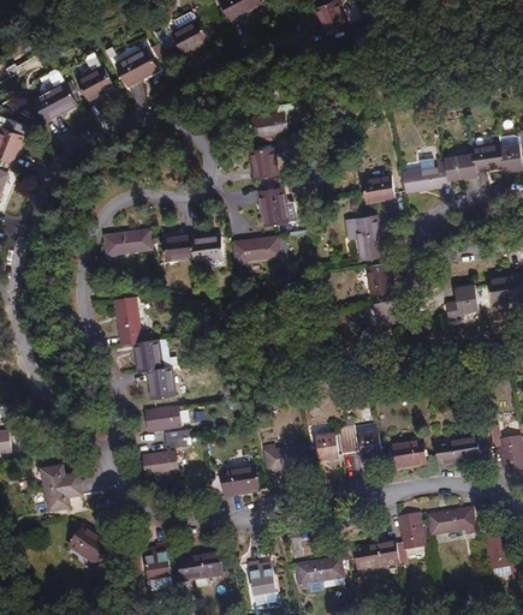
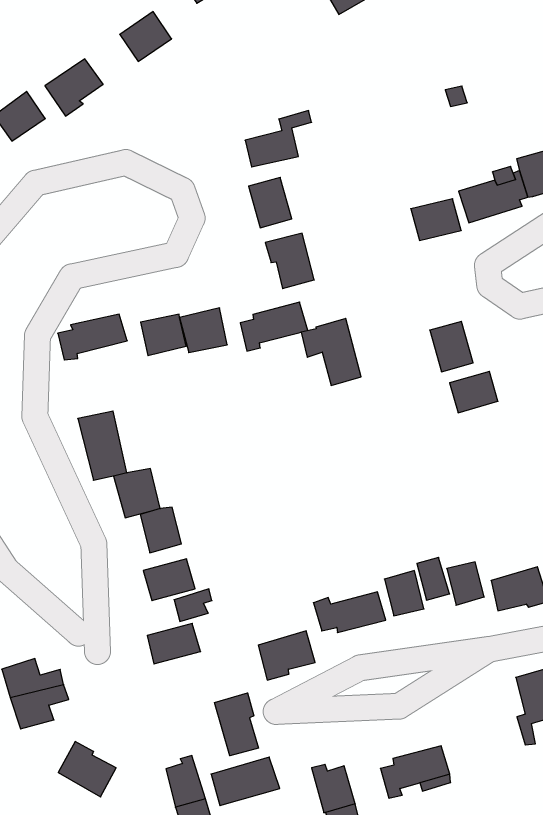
building: [344,215,382,261] -> [301,318,361,385]
building: none -> [215,693,259,756]
building: [351,539,398,573] -> none

